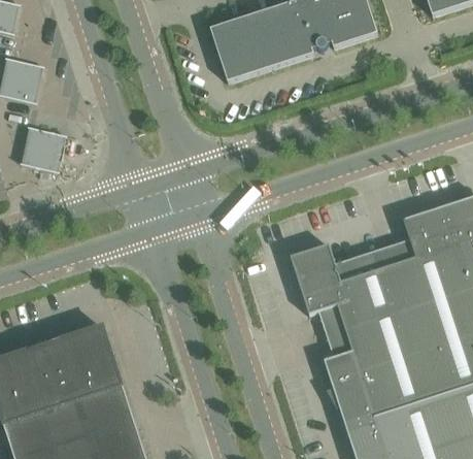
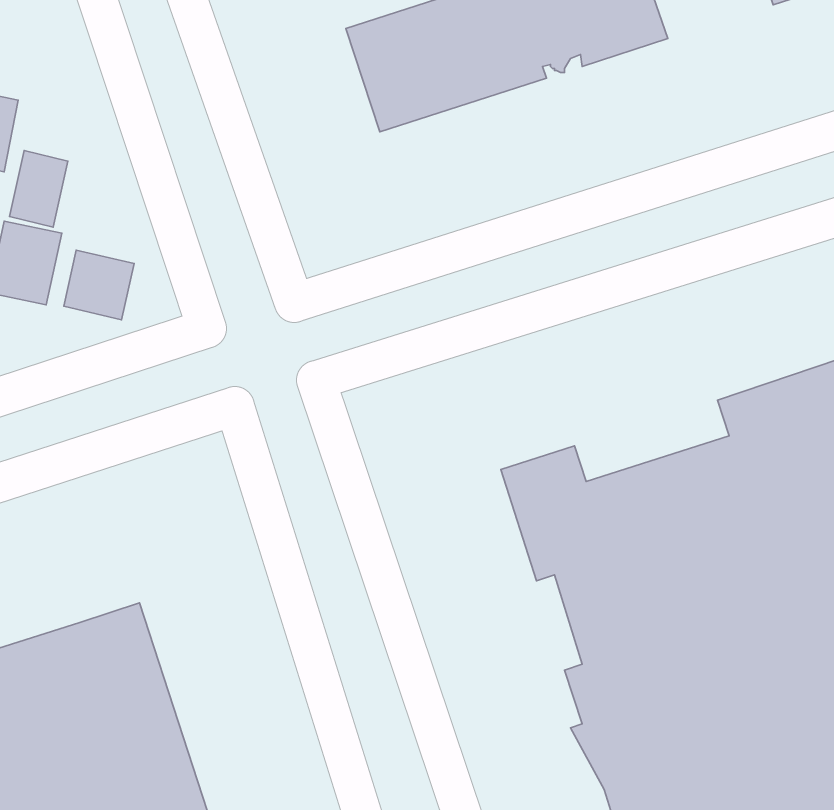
building: none -> [9,151,68,227]
building: none -> [64,250,134,320]

